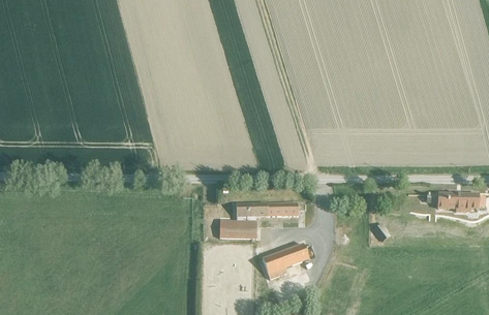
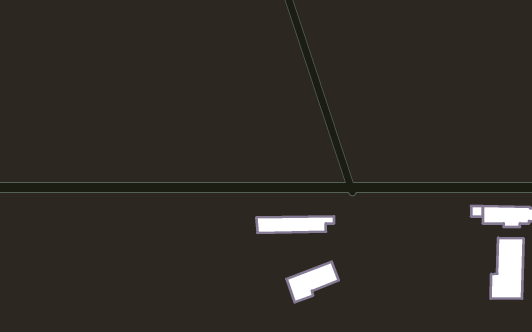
building: [219,220,256,240] -> none
building: none -> [491,238,523,299]

